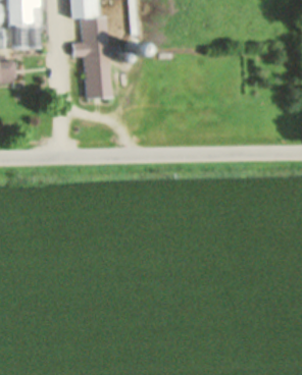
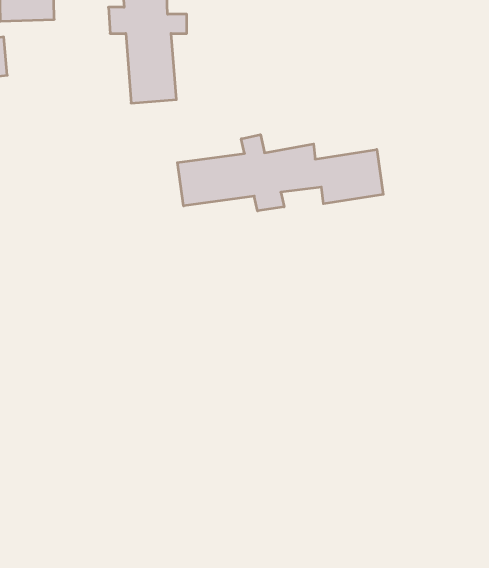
building: none -> [177,135,383,211]

